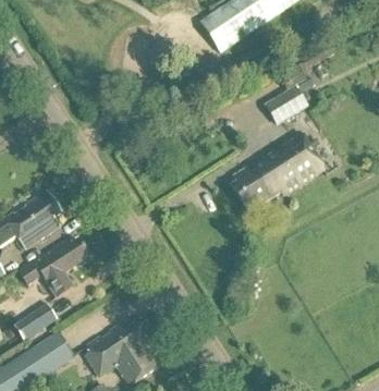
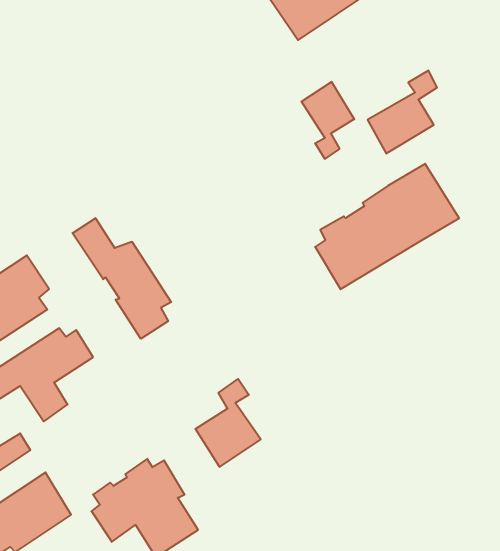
building: none -> [301,82,354,159]
building: none -> [72,218,171,339]
building: none -> [195,379,261,467]

